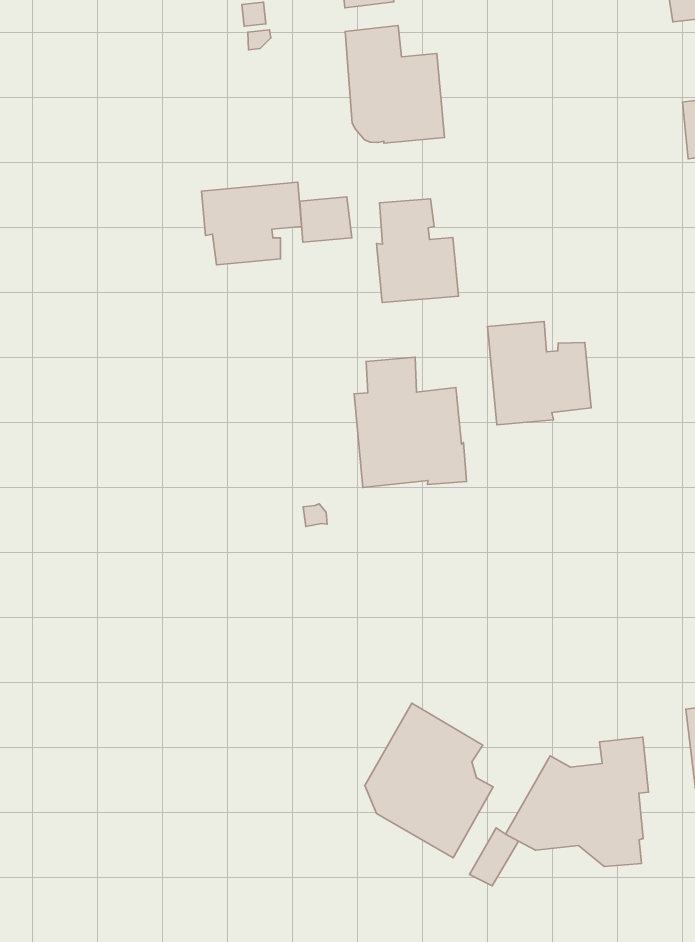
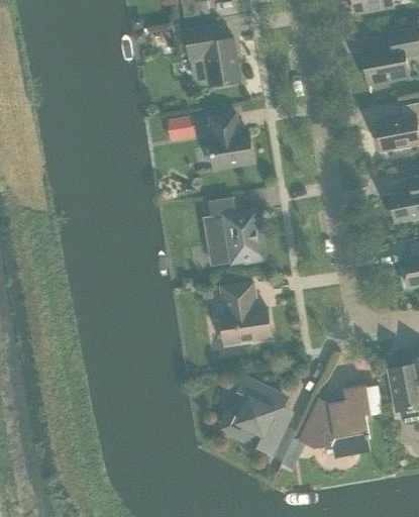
building: [201,182,302,265] -> none
building: [487,322,591,425] -> none
building: none -> [220,282,271,344]

